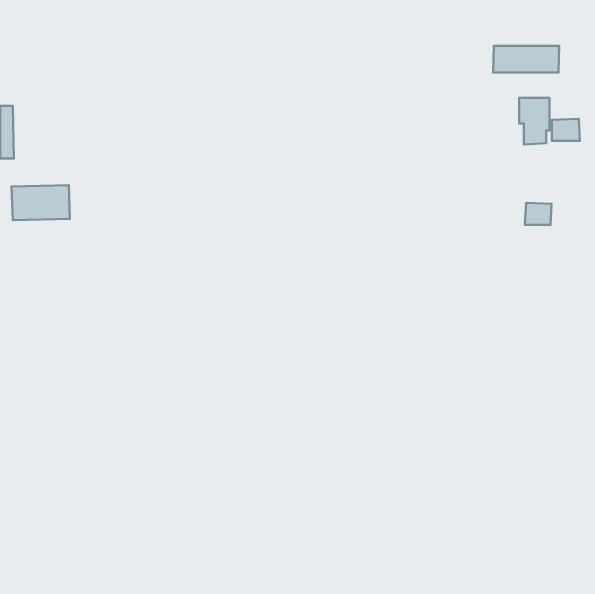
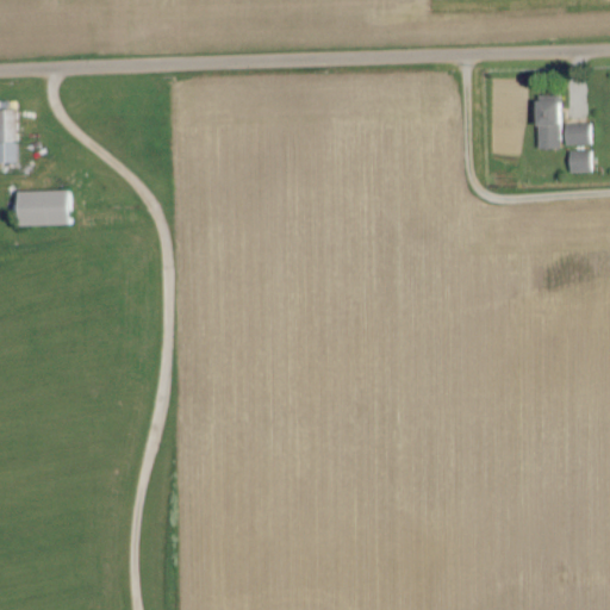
building: [493,46,559,72] -> none
building: [525,203,552,225] -> [567,149,595,172]

